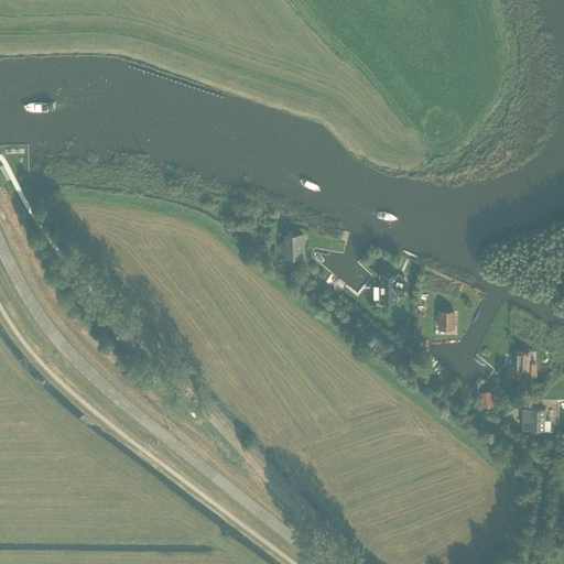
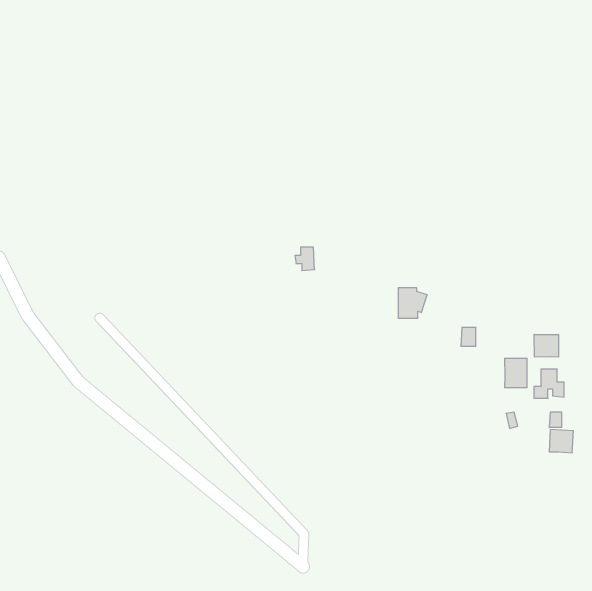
building: none -> [534,334,558,357]
building: none -> [505,358,527,388]

